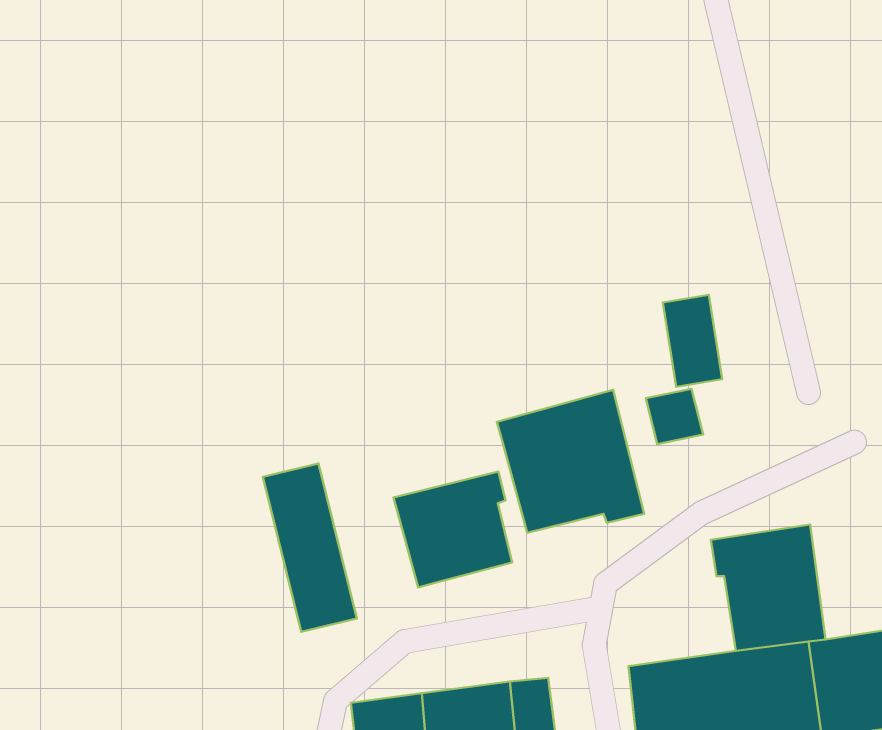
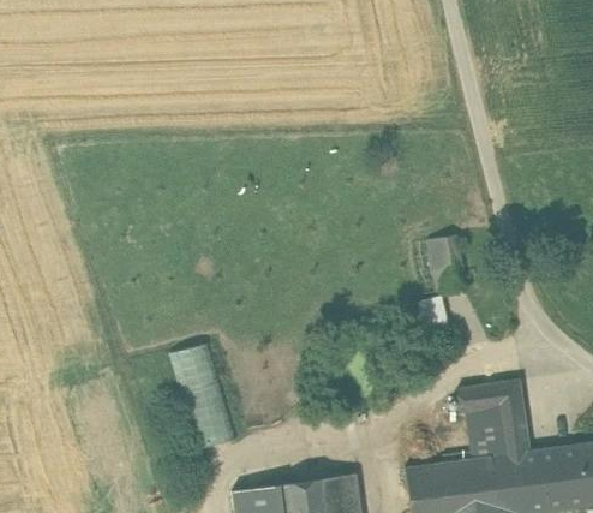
building: [497,390,644,533] -> none
building: [393,472,512,588] -> none

